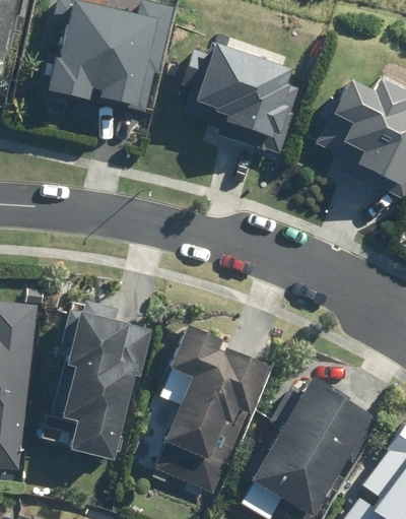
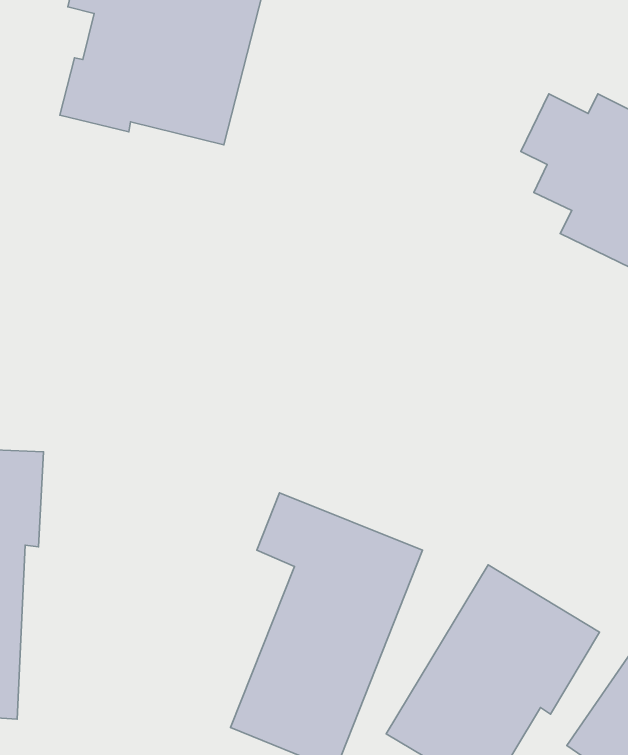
building: [197,46,297,145] -> none
building: [56,300,154,460] -> none

